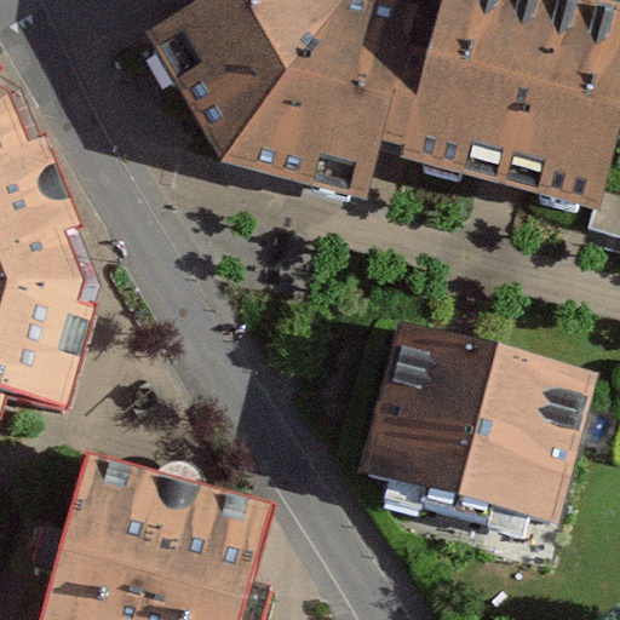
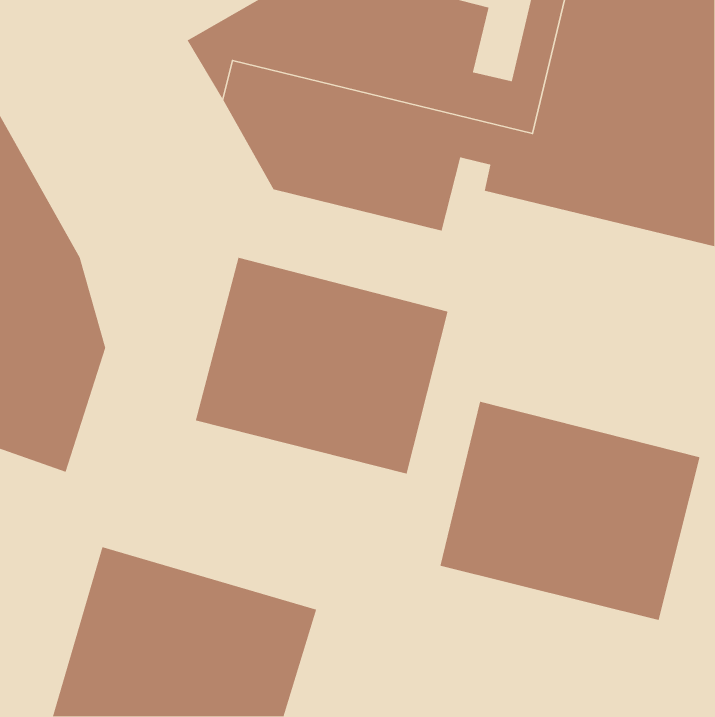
building: none -> [195,257,448,475]

